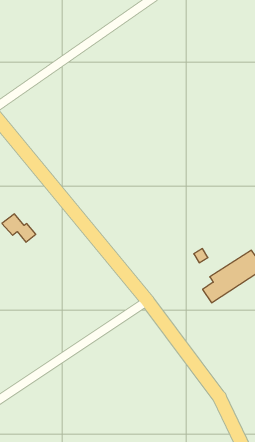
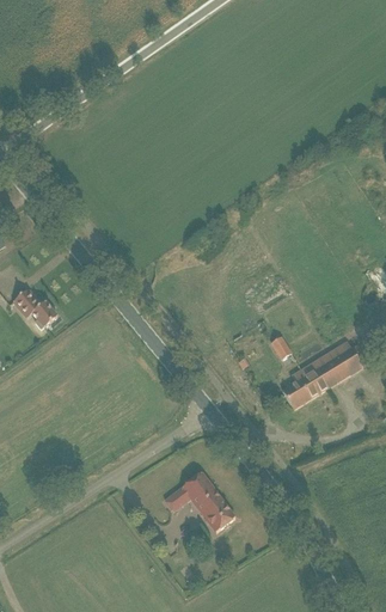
building: none -> [165,473,235,532]

